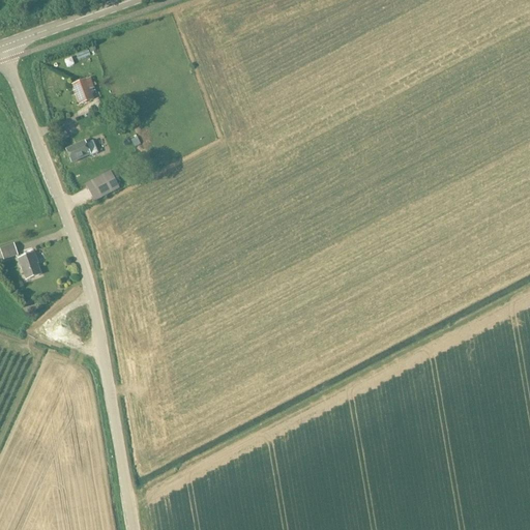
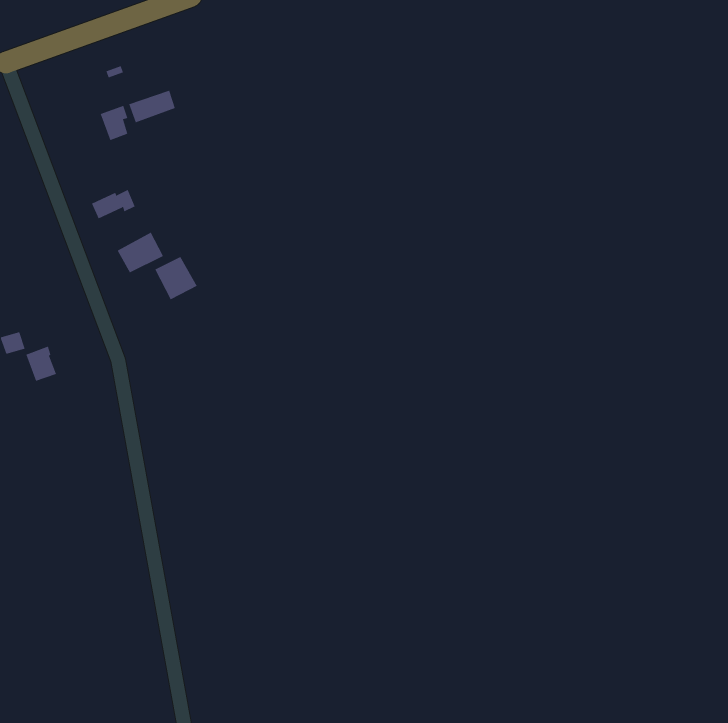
building: none -> [128,90,175,123]
building: none -> [155,256,197,300]

